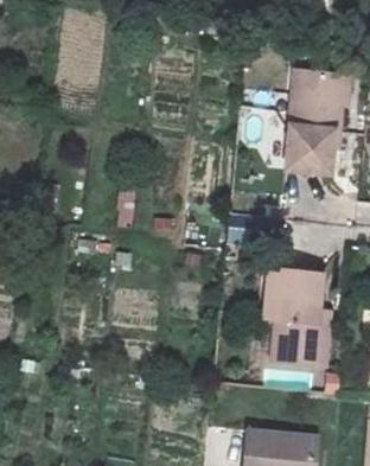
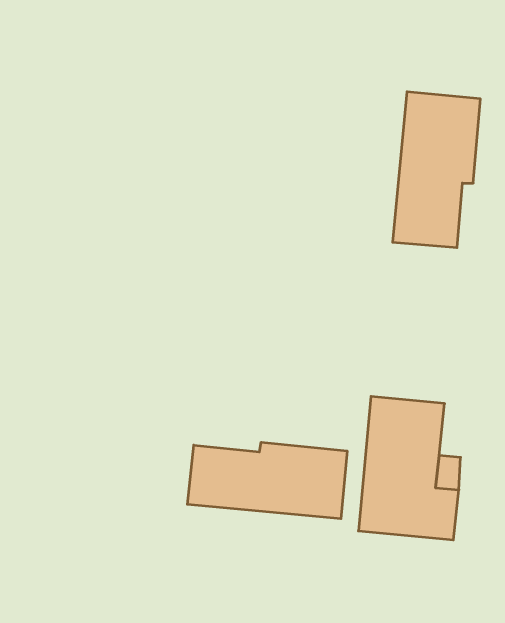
building: none -> [187,442,347,519]

